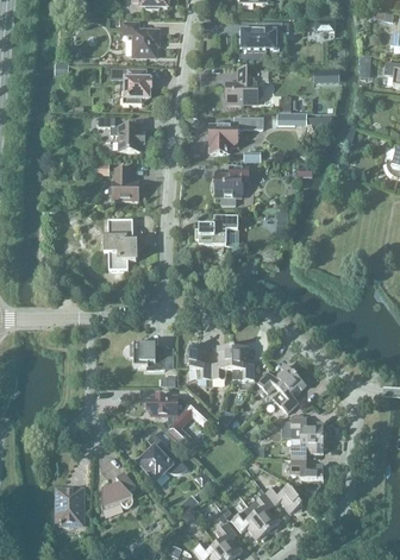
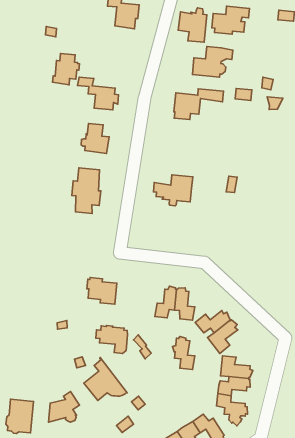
building: none -> [178,8,207,42]
building: [123,69,151,103] -> [52,53,80,85]
building: [213,165,249,203] -> none
building: [186,342,212,378] -> [172,337,195,369]

